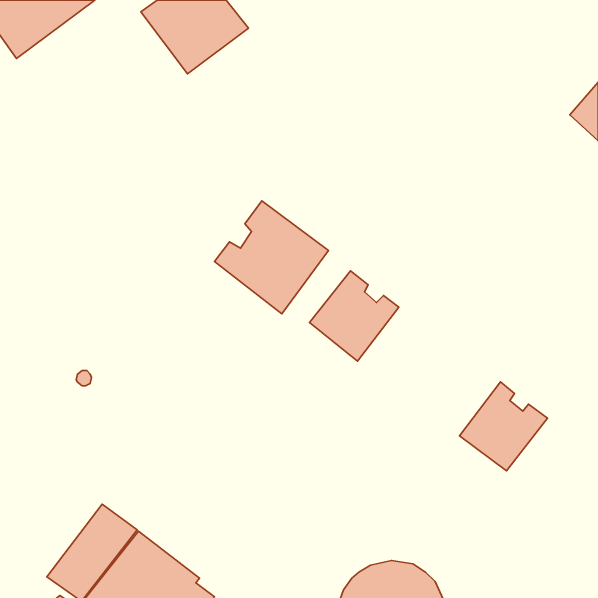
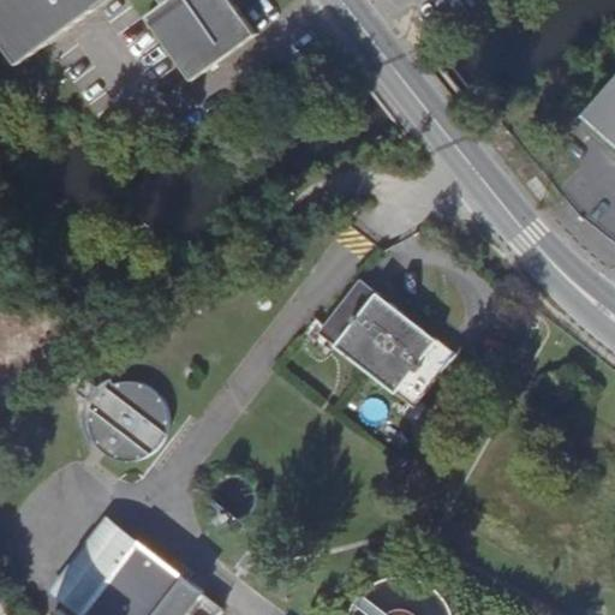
building: [215,201,329,314] -> none
building: none -> [89,380,169,460]
building: [459,382,547,471] -> [366,316,456,407]

